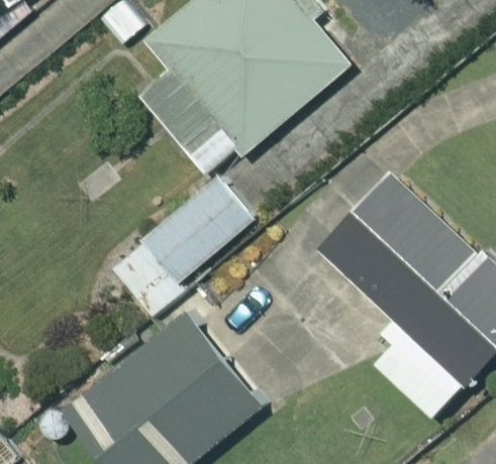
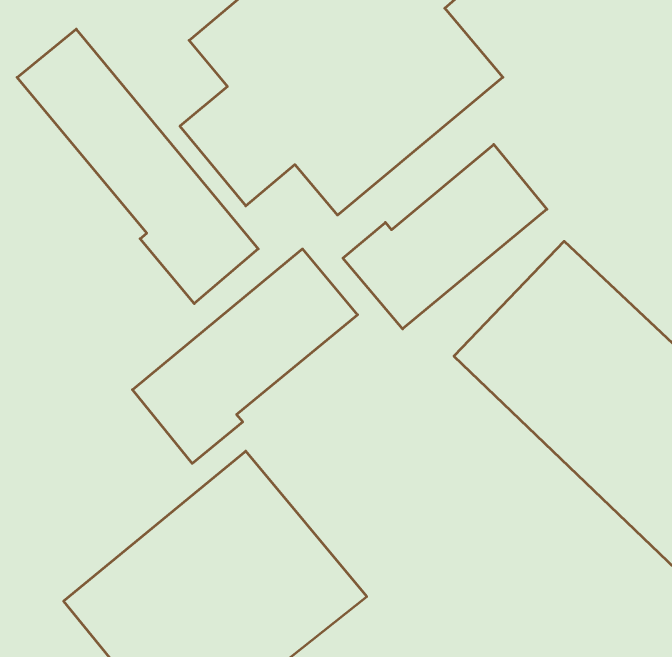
building: none -> [17,29,258,304]
building: none -> [343,144,547,329]

